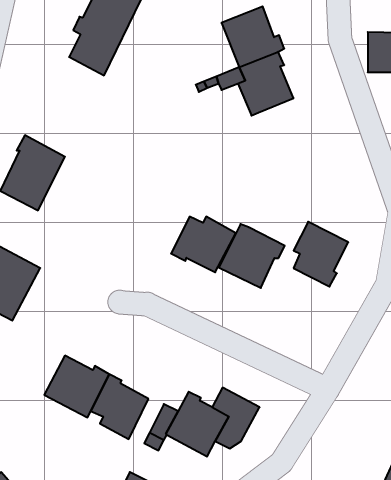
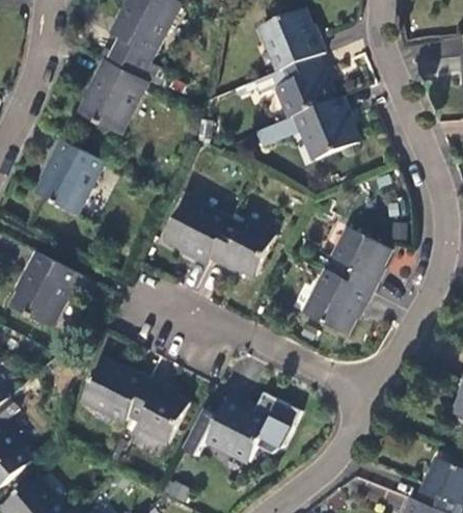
building: none -> [80,58,147,134]
building: none -> [256,98,357,160]
building: none -> [165,199,228,264]
building: [219,224,285,288] -> [303,270,370,334]

